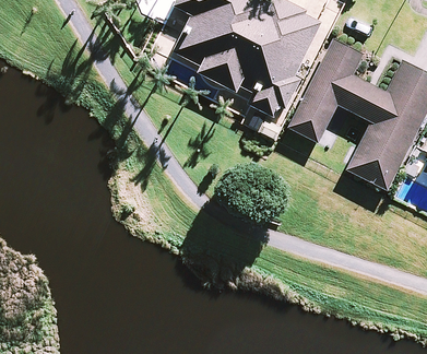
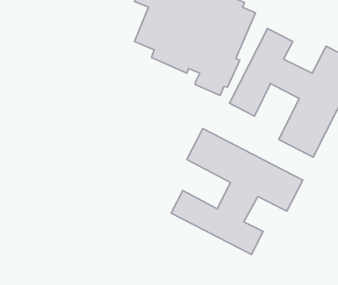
building: none -> [171,128,303,255]

